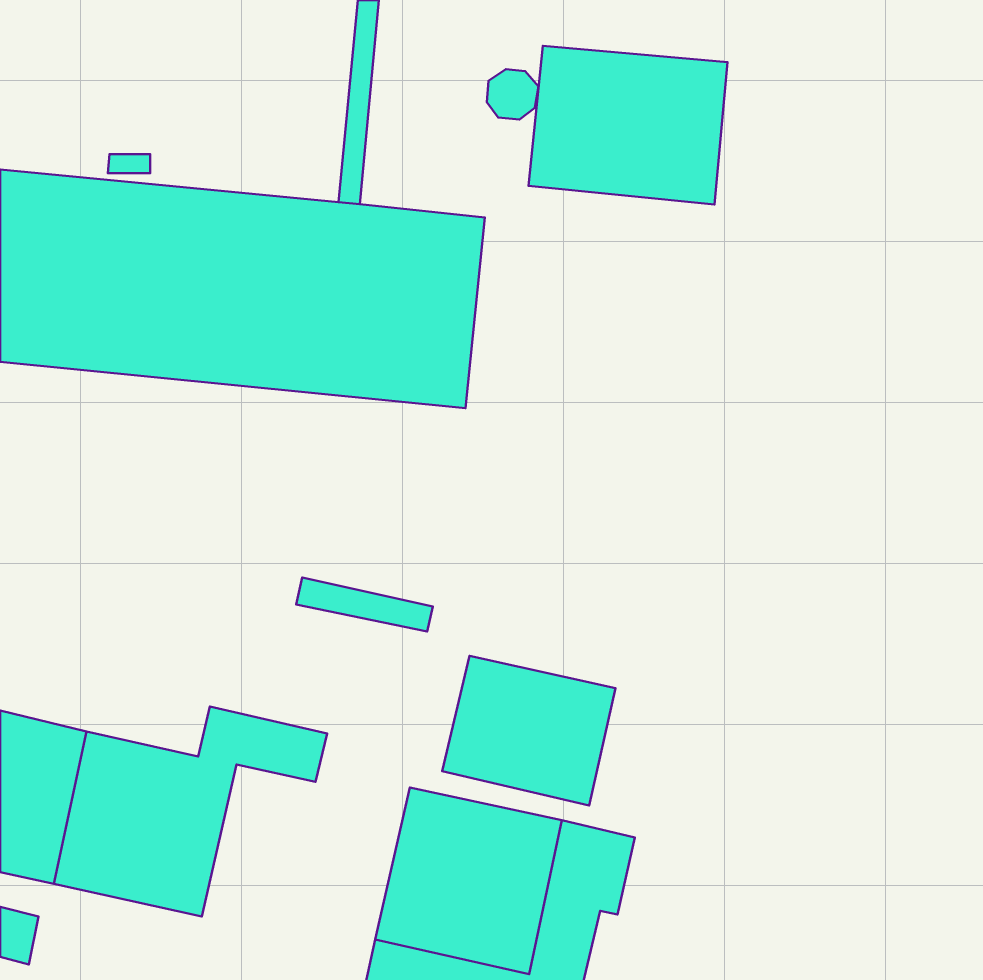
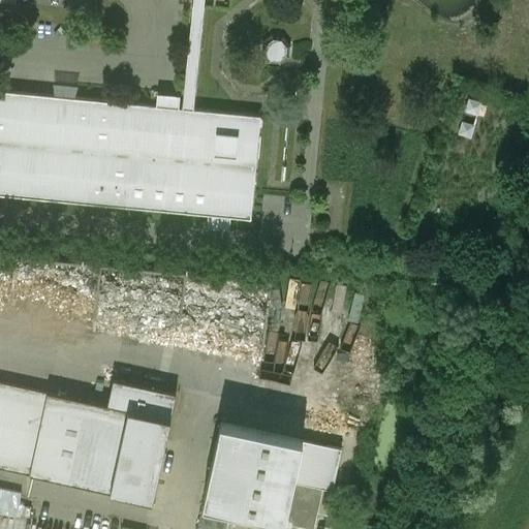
building: [528,46,727,204] -> none
building: [442,656,616,806] -> none
building: none -> [108,412,169,503]

